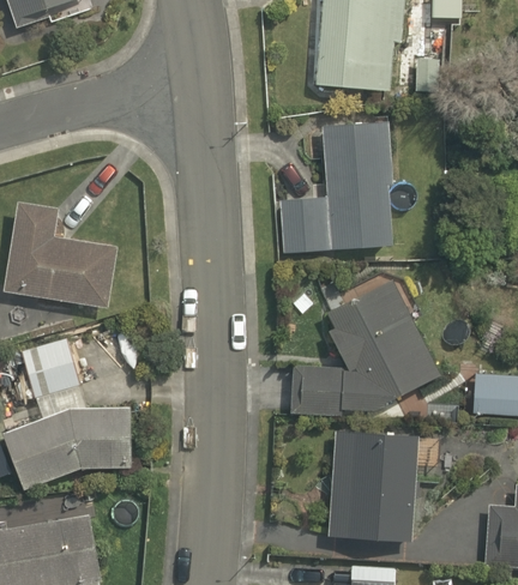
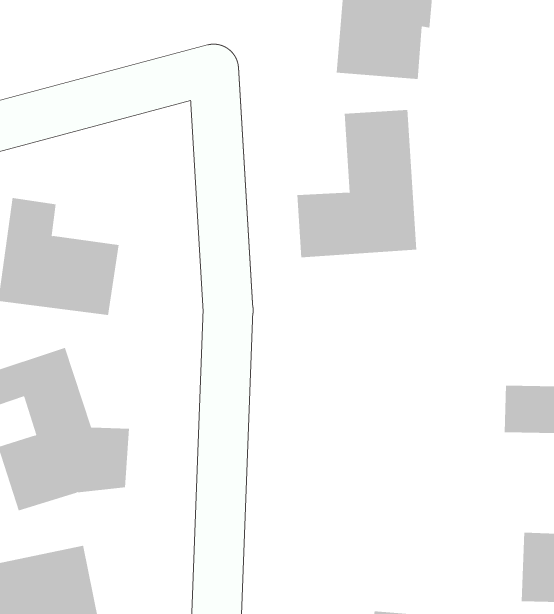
building: [288,275,433,414] -> none
building: [330,429,417,543] -> none

